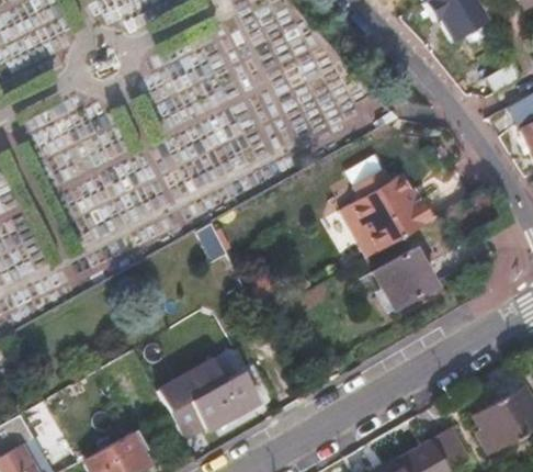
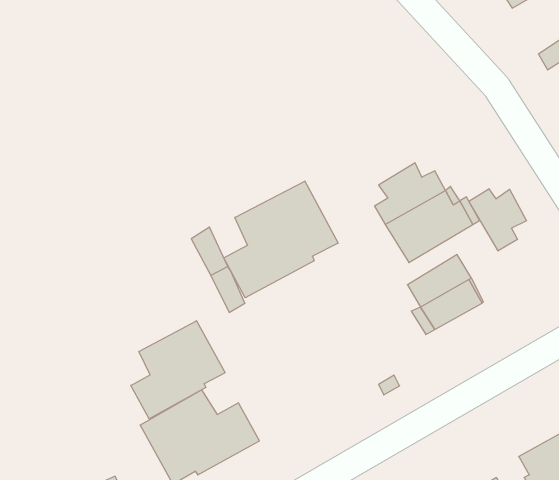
building: none -> [224,181,338,298]
building: none -> [469,189,527,251]
building: none -> [131,321,225,419]

